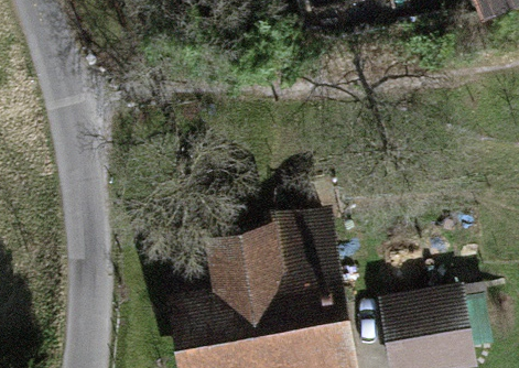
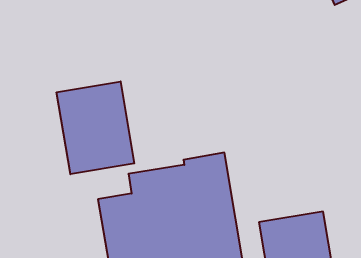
building: none -> [57,81,134,174]

